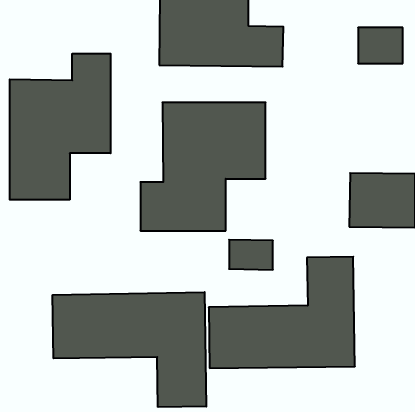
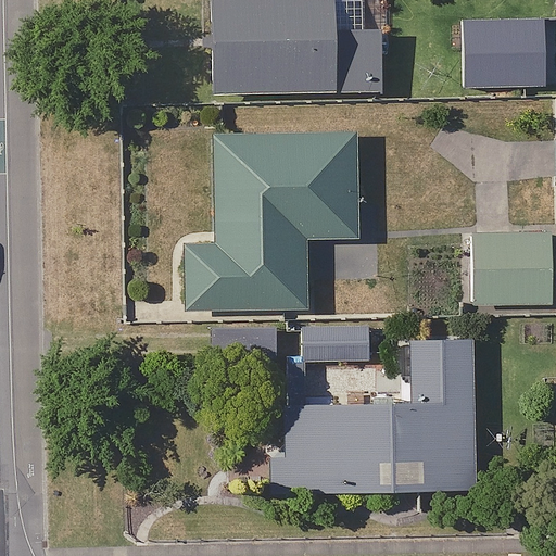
building: [10,54,111,200] -> none
building: [53,292,206,407] -> none

